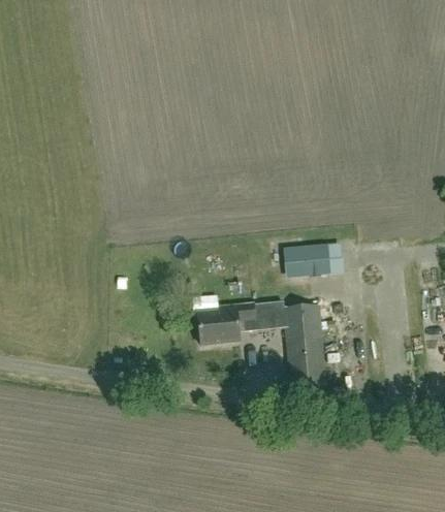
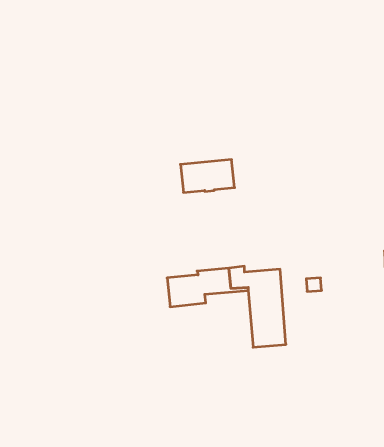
building: [285,244,343,279] -> [180,160,235,192]

